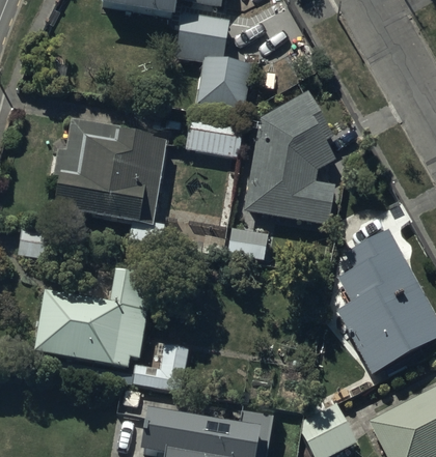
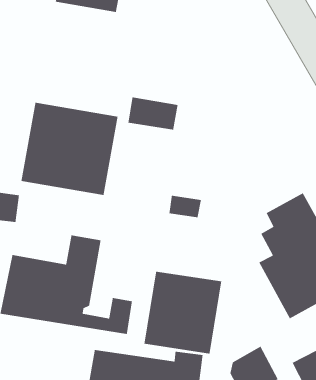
building: [176,13,248,109] -> none
building: [244,93,335,227] -> none
building: none -> [144,271,222,354]

